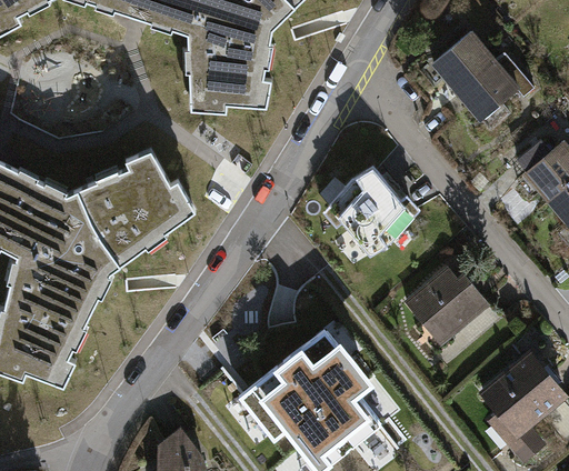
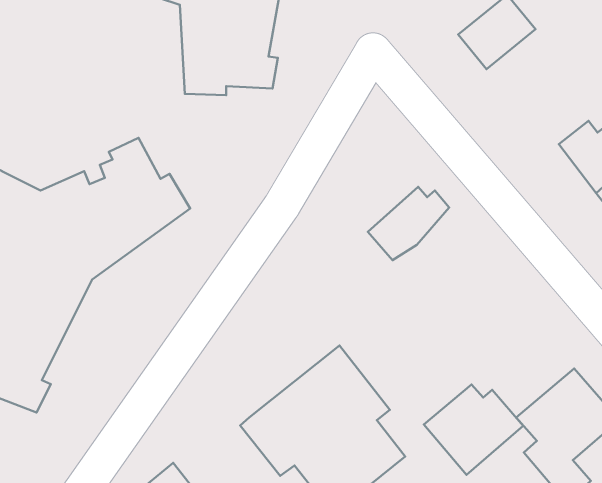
building: [452,50,531,121] -> none
building: [325,168,393,231] -> none
building: [402,264,488,342] -> [424,385,523,475]

